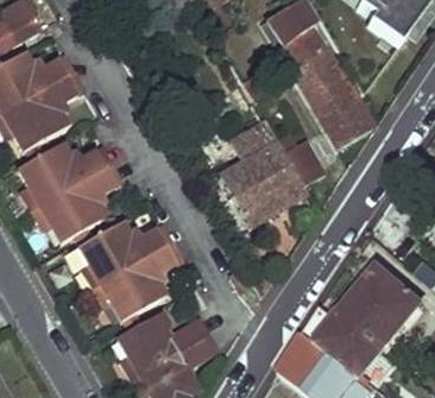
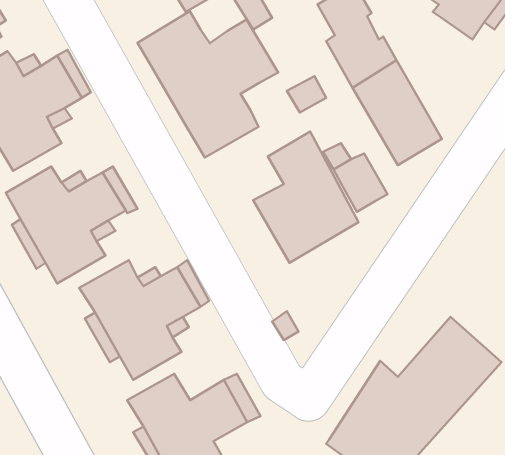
building: none -> [138,11,278,158]

